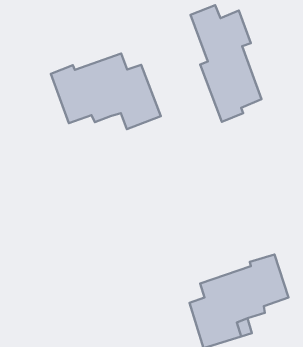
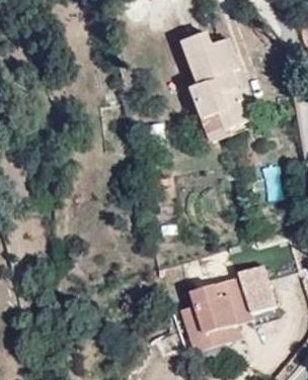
building: [51,54,161,129] -> none

